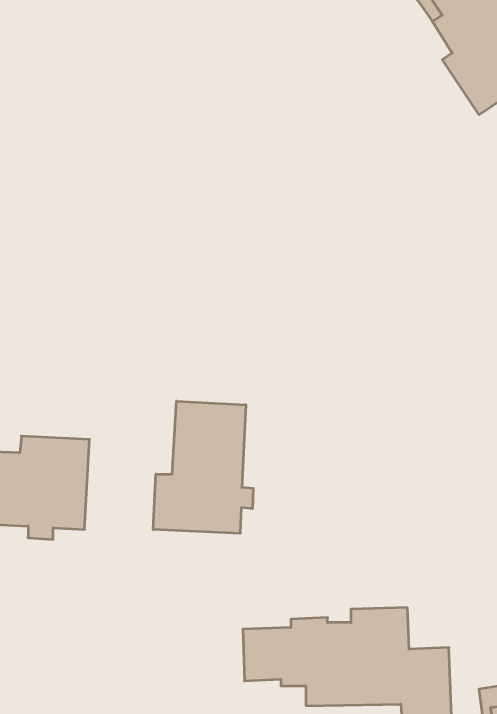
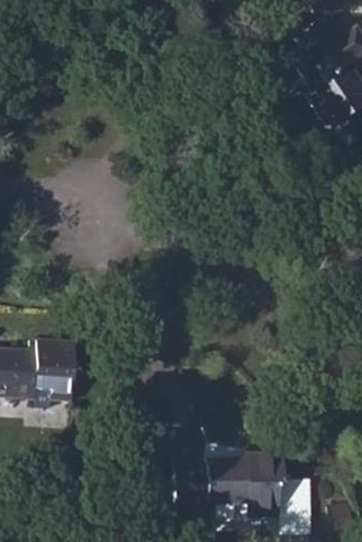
building: [153,401,253,533] -> none

